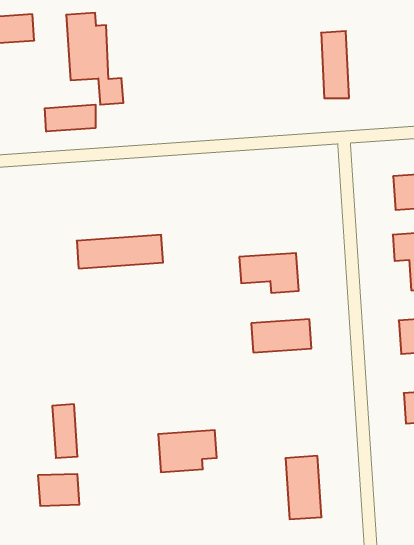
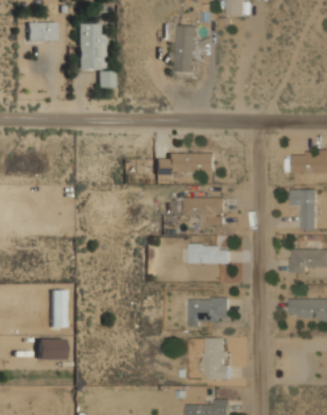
building: [321,31,349,98] -> [176,26,194,72]
building: [45,105,96,132] -> none
building: [77,235,163,268] -> [155,154,213,173]
building: [158,430,217,472] -> [189,298,228,324]

